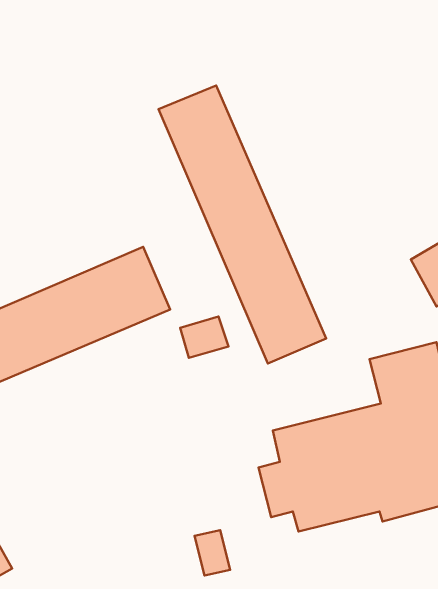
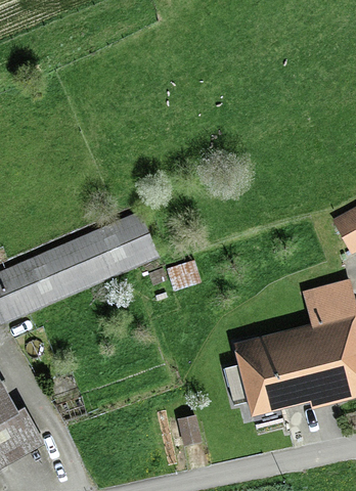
building: [159,85,326,363] -> none

